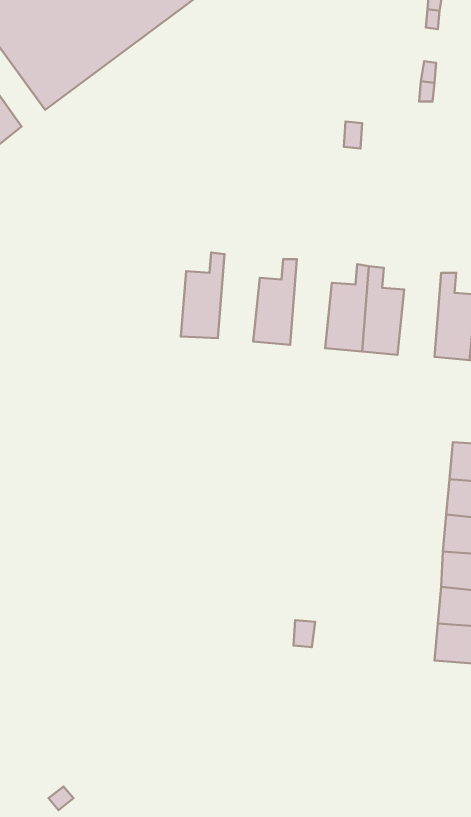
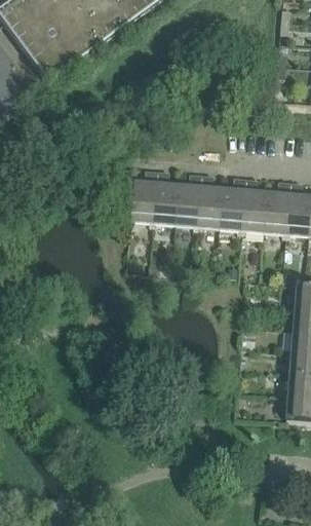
building: none -> [154,170,180,223]
building: none -> [198,173,224,227]
building: none -> [264,180,290,232]

